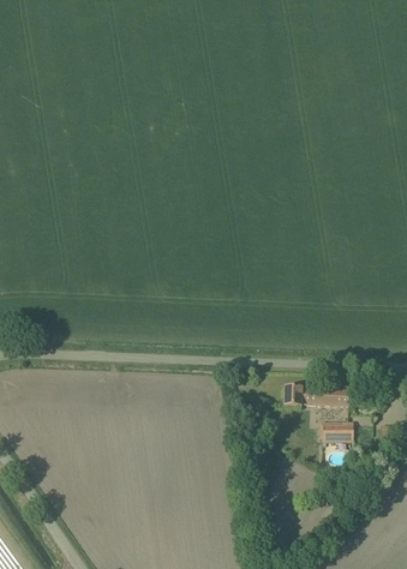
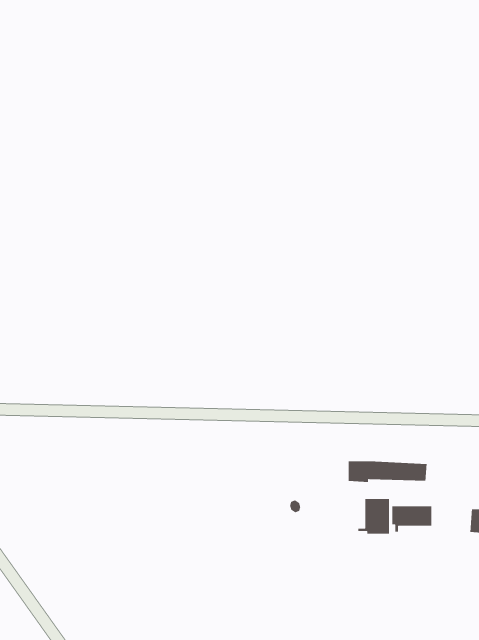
building: none -> [357,498,390,534]

